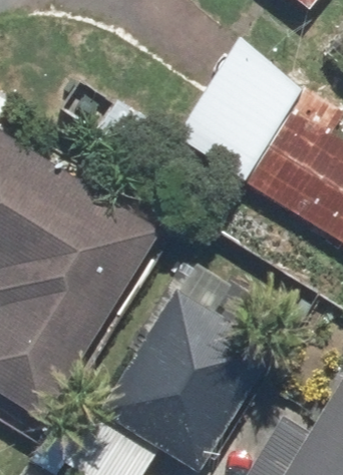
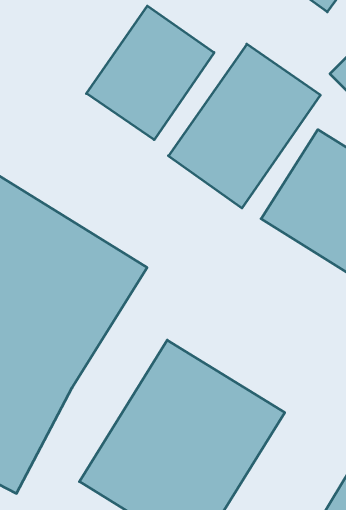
building: none -> [86,6,214,140]

